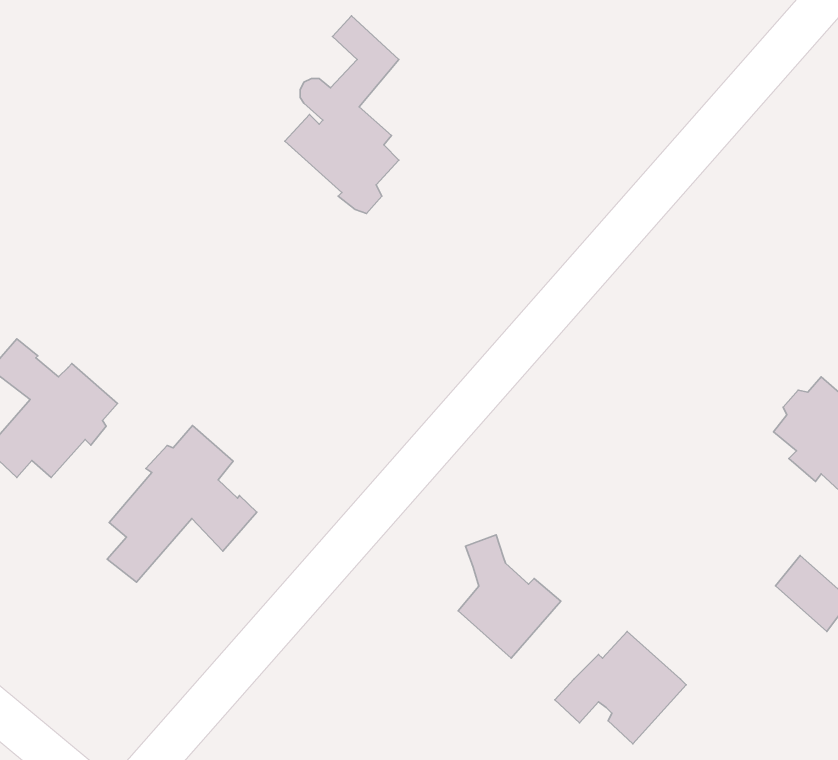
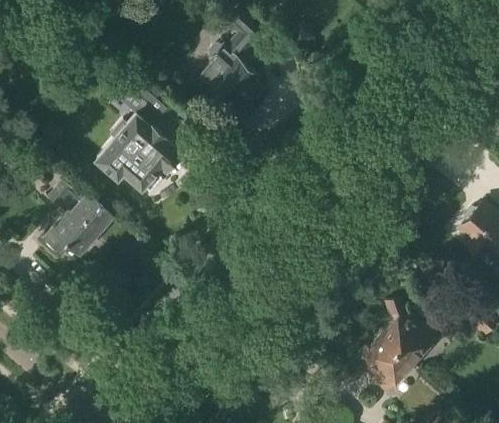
building: none -> [96,78,177,190]
building: [107,425,257,582] -> none
building: [458,535,561,658] -> [380,297,434,362]

